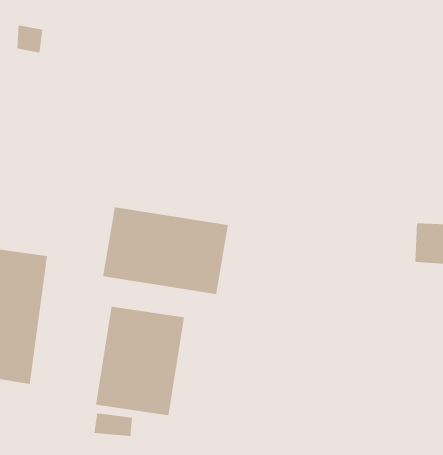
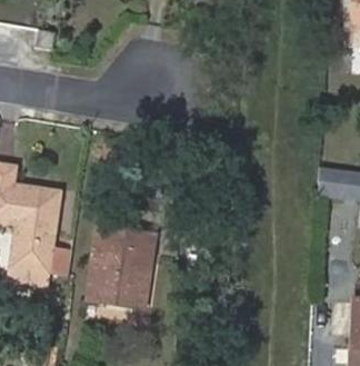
building: [102,206,228,295] -> none

